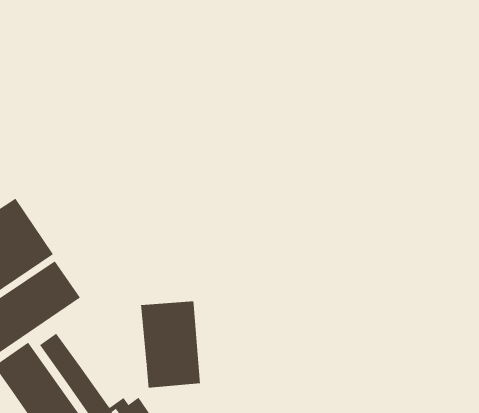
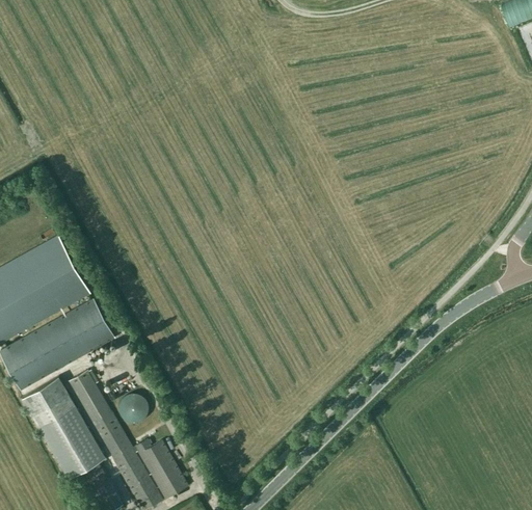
building: [141,301,200,388] -> none
building: none -> [118,394,149,423]

